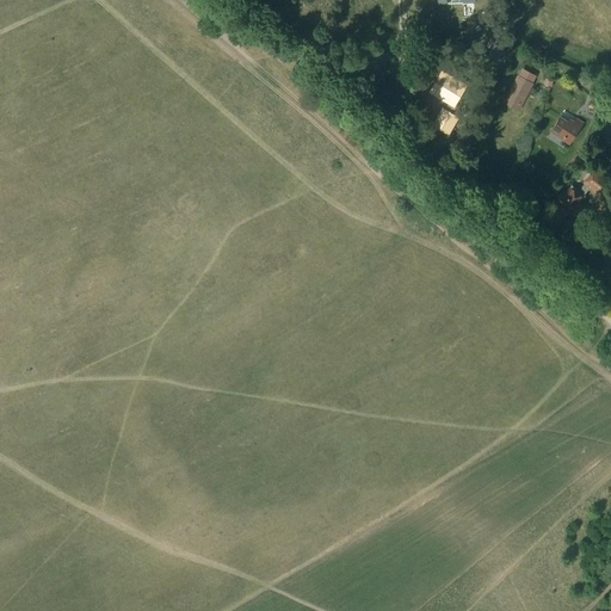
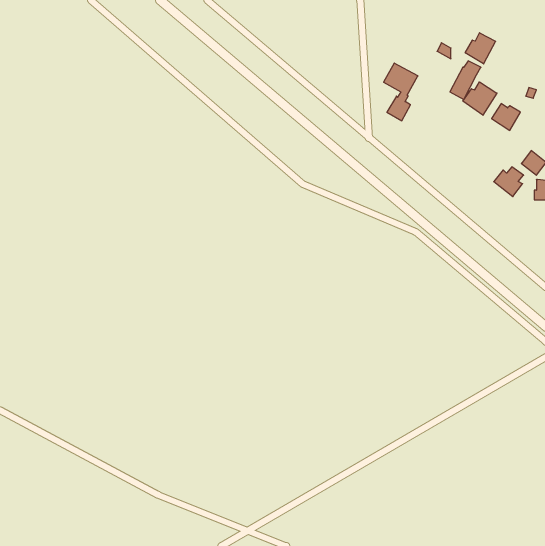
building: none -> [465,33,496,64]
building: none -> [463,82,497,115]

